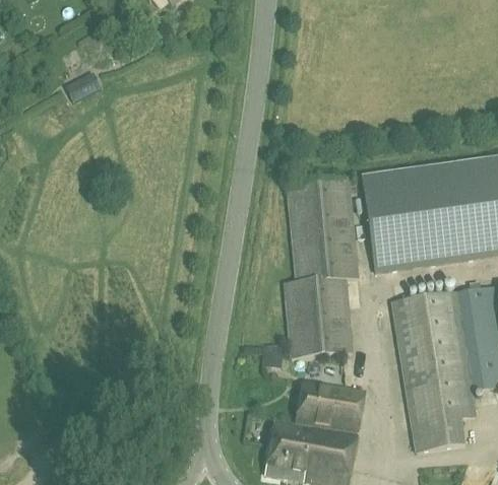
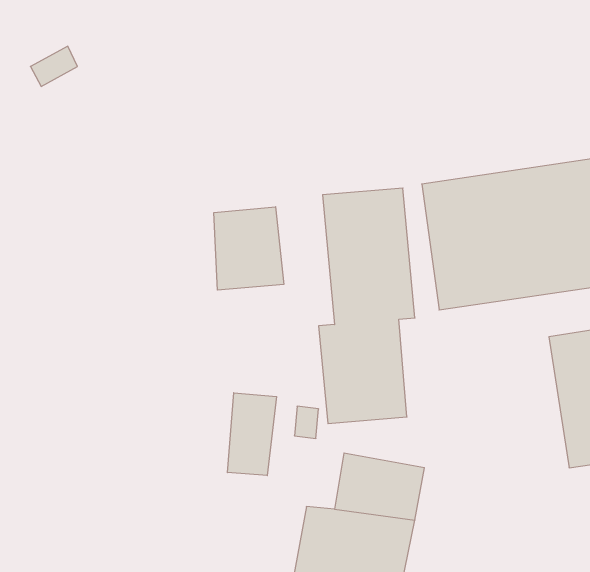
building: none -> [214,207,284,290]
building: [391,291,475,452] -> none
building: none -> [227,393,277,476]

